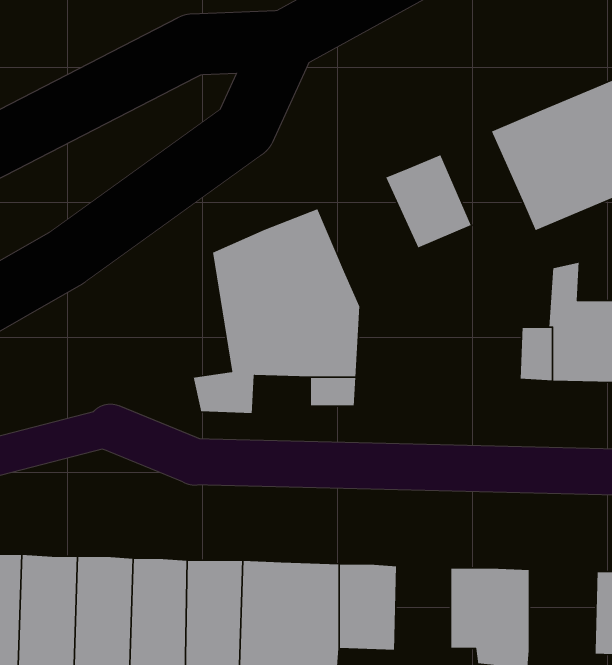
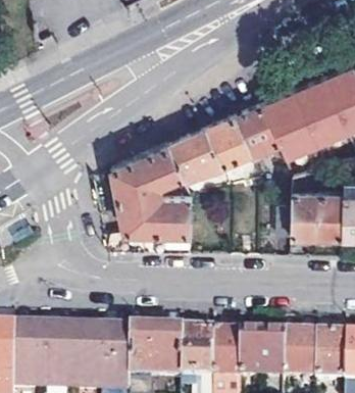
building: none -> [243,96,287,155]
building: none -> [178,120,231,170]
building: none -> [218,327,248,372]
building: none -> [290,329,325,372]

